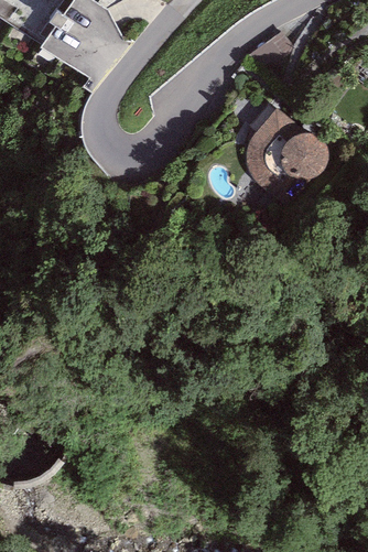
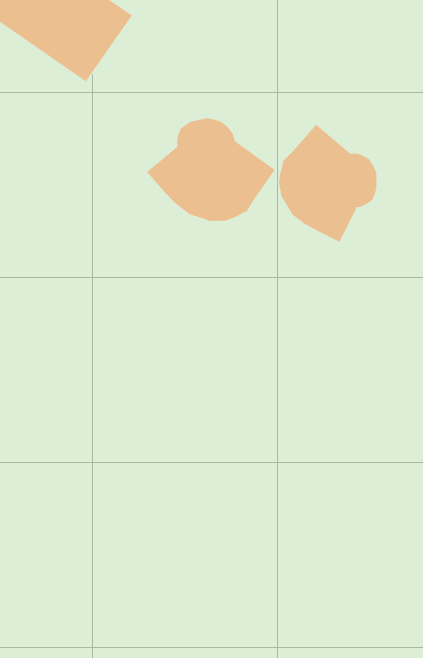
building: none -> [146,118,275,222]

